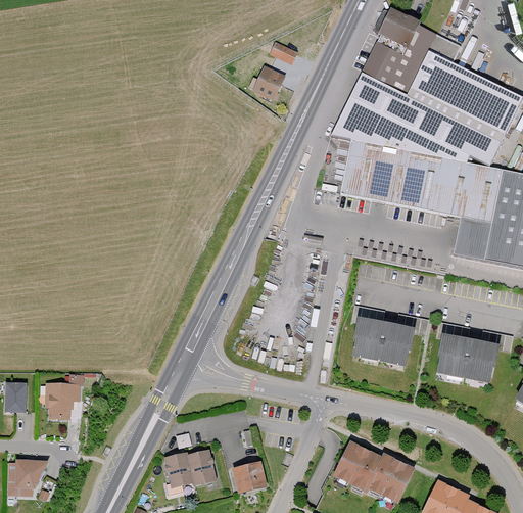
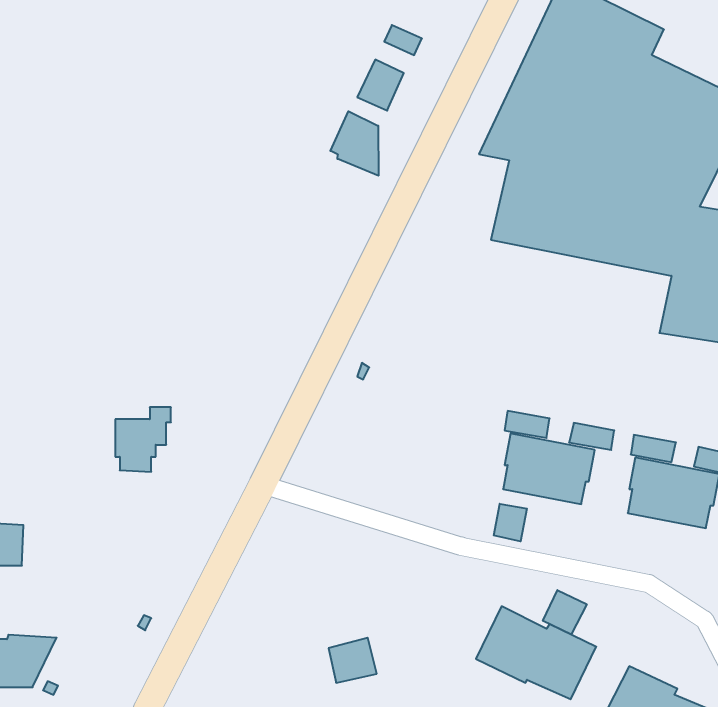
building: none -> [330,111,378,176]
building: none -> [494,504,527,541]
building: [45,376,83,420] -> [115,407,171,472]
building: none -> [543,590,587,635]
building: [163,450,216,494] -> none

